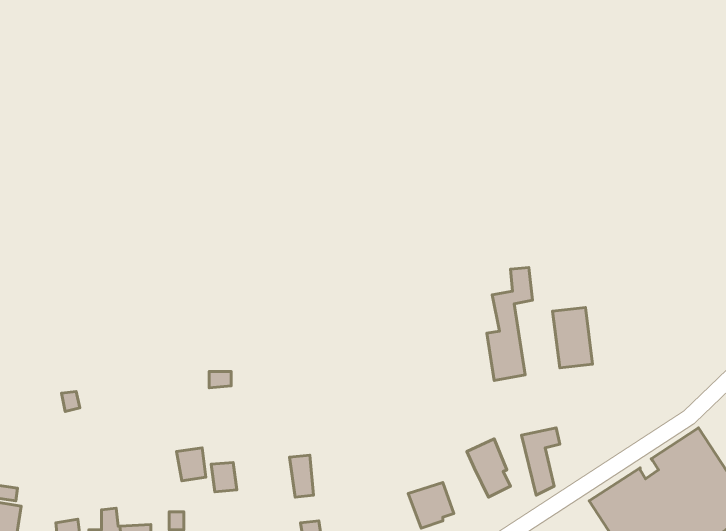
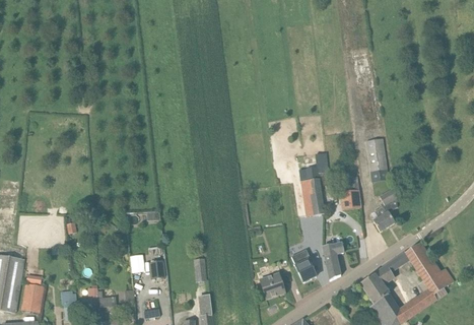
building: none -> [365,137,388,180]
building: none -> [374,188,397,231]

